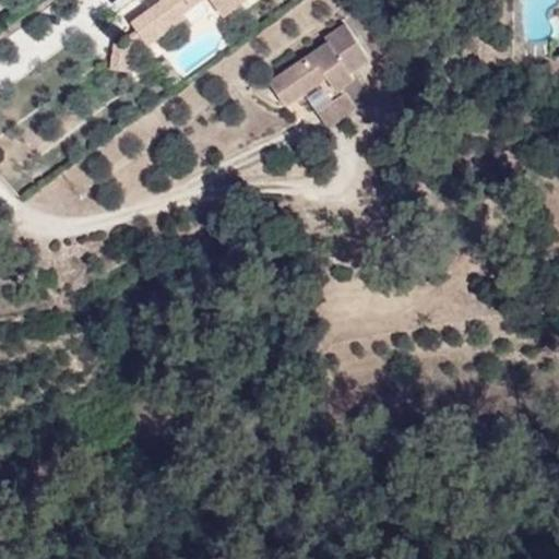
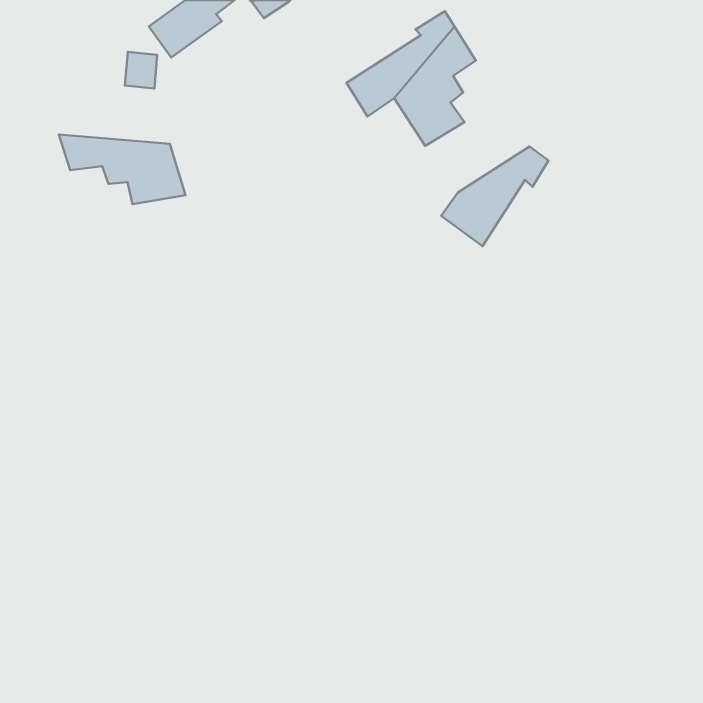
building: none -> [59,134,186,204]
building: none -> [441,146,549,246]

